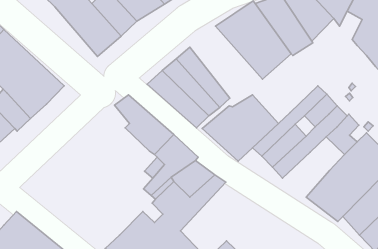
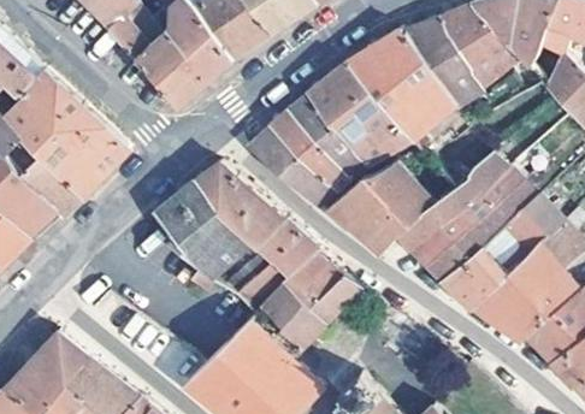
building: none -> [308,64,413,167]
building: none -> [155,177,250,280]
building: none -> [442,244,509,312]

